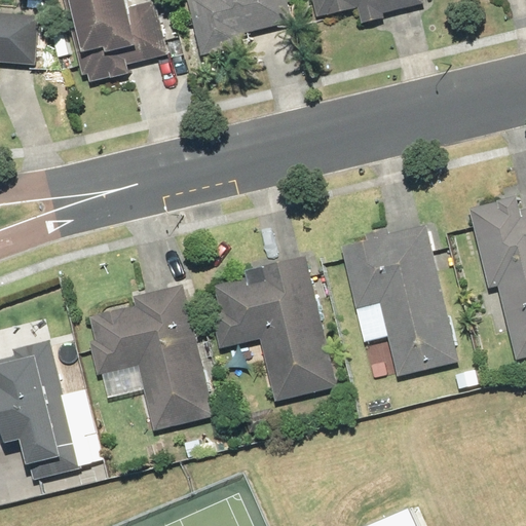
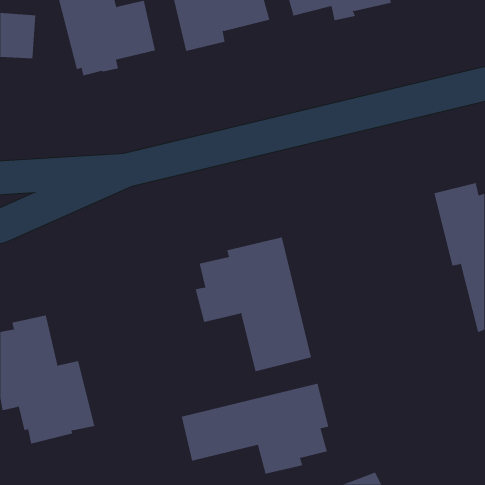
building: [341,225,458,376] -> none
building: [89,285,216,430] -> none
building: none -> [181,383,329,475]

